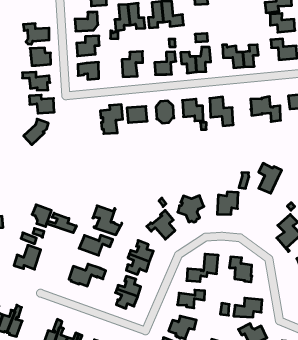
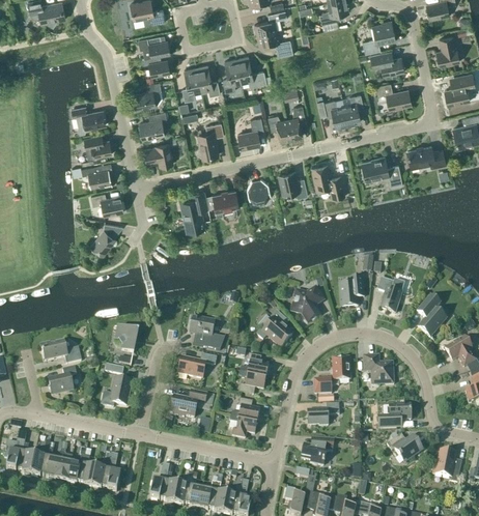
building: [259,163,282,193] -> [376,278,404,313]
building: [47,213,76,233] -> none

